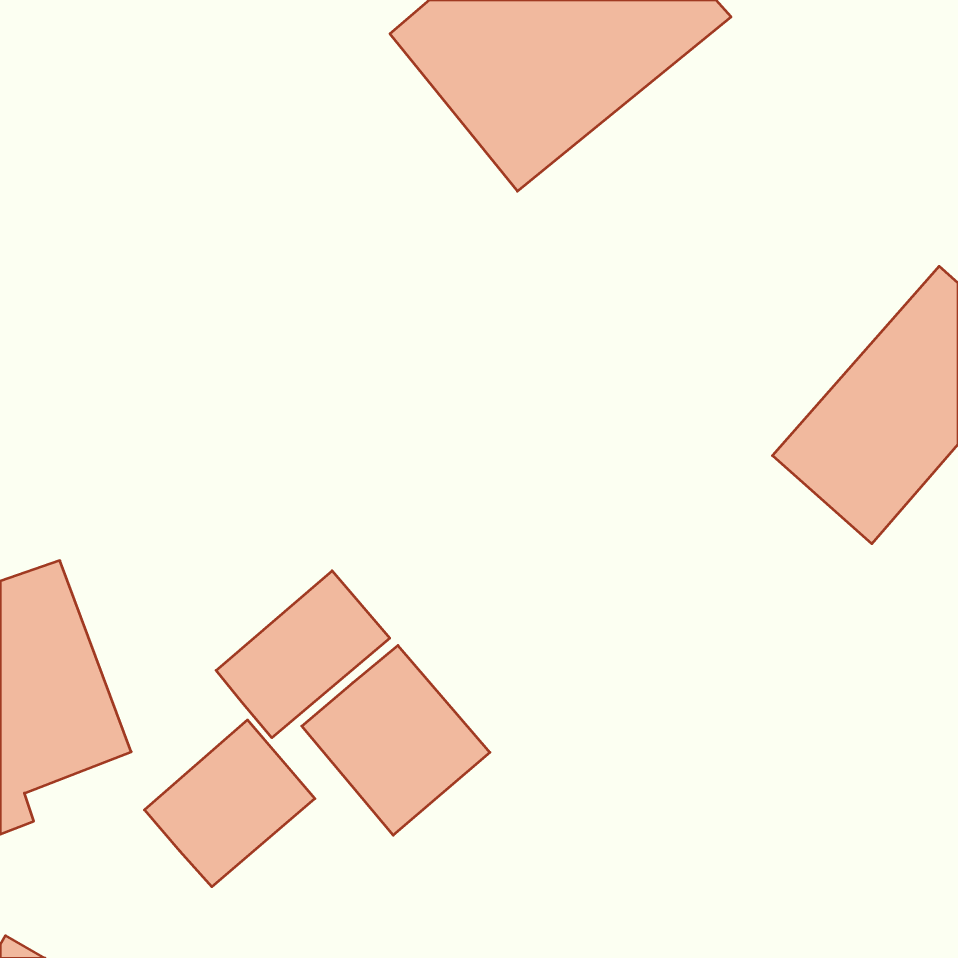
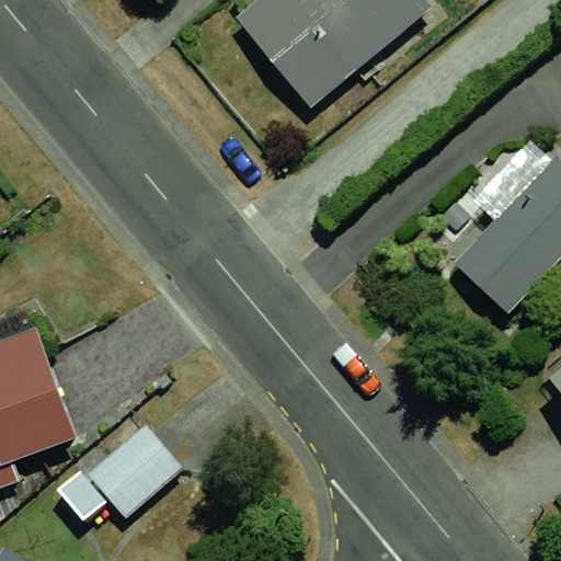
building: [216,571,390,738] -> none
building: [302,645,490,835] -> none

